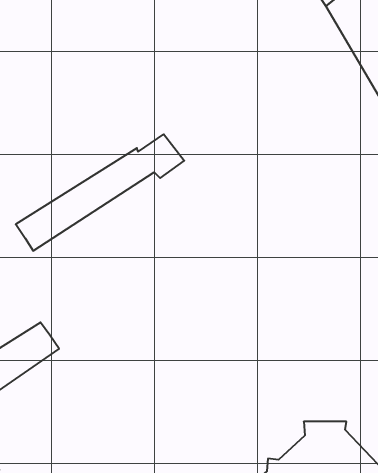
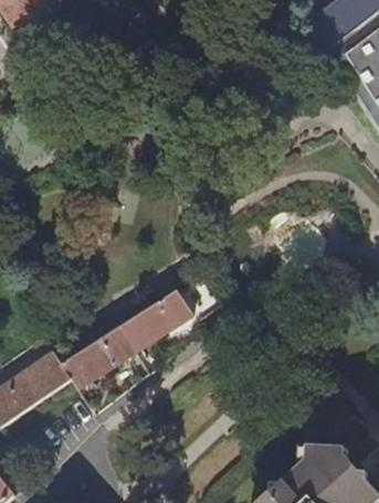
building: [16,134,184,251] -> [63,277,224,388]

